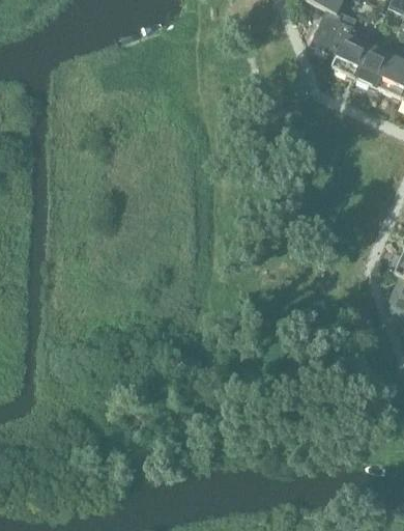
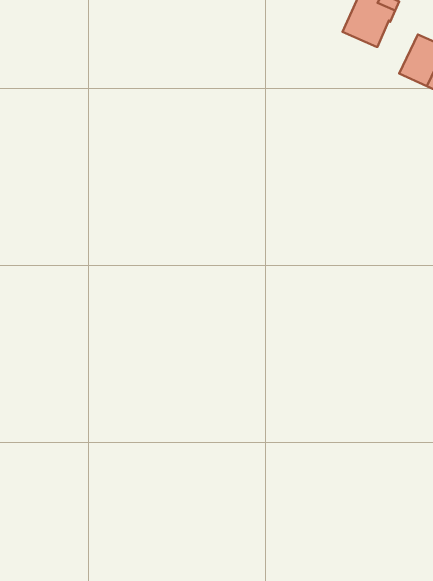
building: [334,34,373,78] -> none

